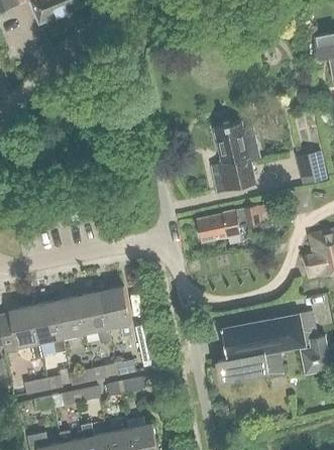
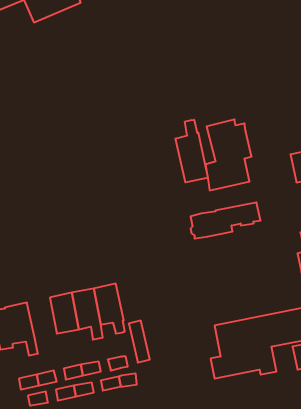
building: none -> [175,120,208,182]
building: [31,301,65,352] -> none

